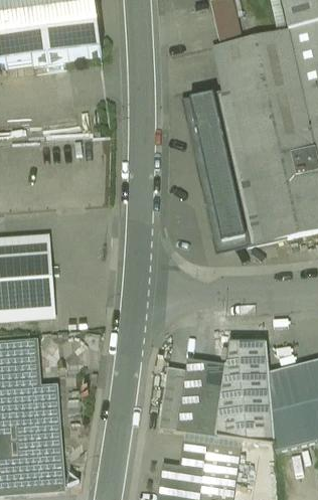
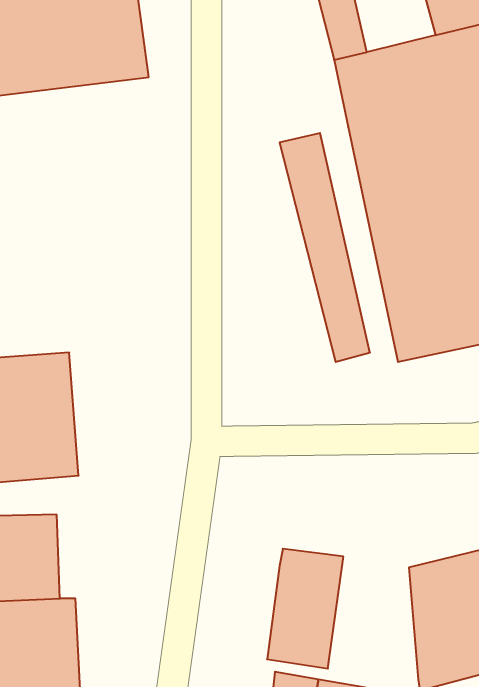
building: [211,88,262,245] -> none
building: [216,342,275,445] -> none
building: [158,369,185,432] -> none

